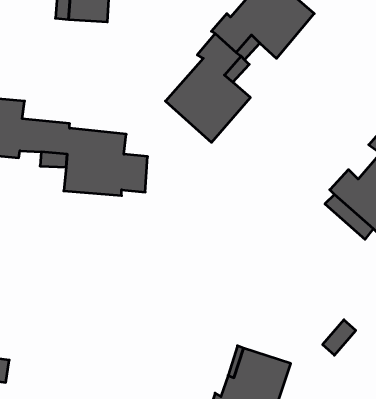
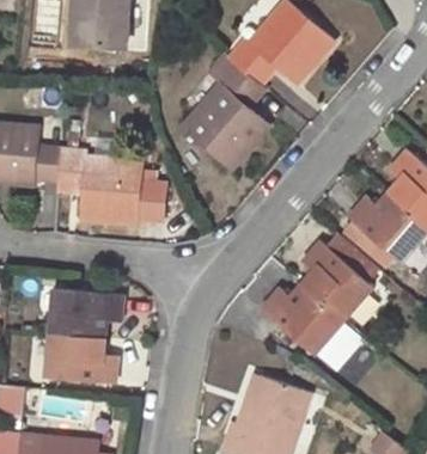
building: none -> [262,233,378,369]
building: none -> [44,288,121,385]

